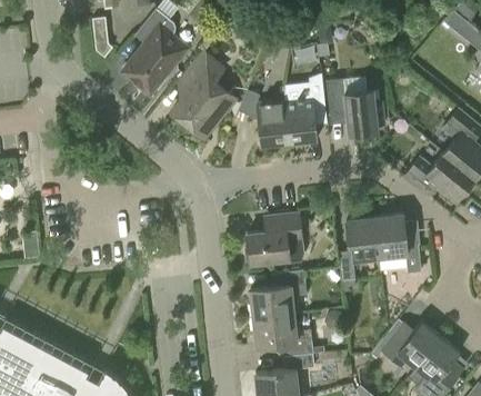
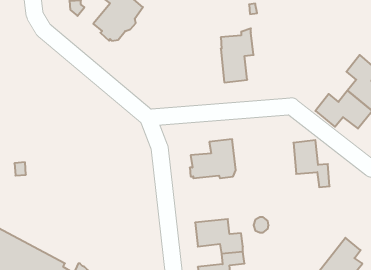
building: [172,52,230,133] -> none
building: [327,80,384,136] -> none
building: [239,90,289,146] -> none
building: [339,218,379,281] -> none
building: [249,271,305,318] -> none
building: [381,321,441,368] -> none

